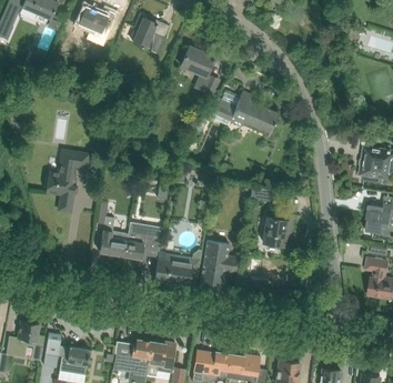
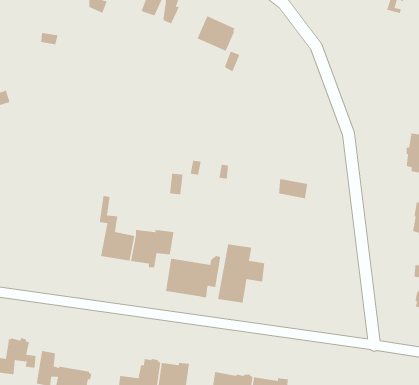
building: [212,91,280,133] -> none
building: [44,150,89,212] -> none
building: [263,212,293,248] -> none

